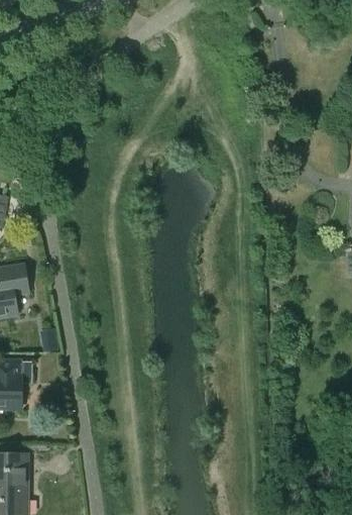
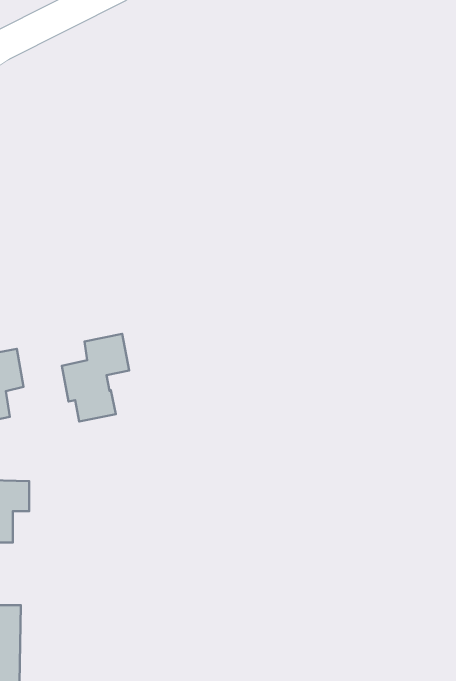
building: none -> [62,334,129,421]

